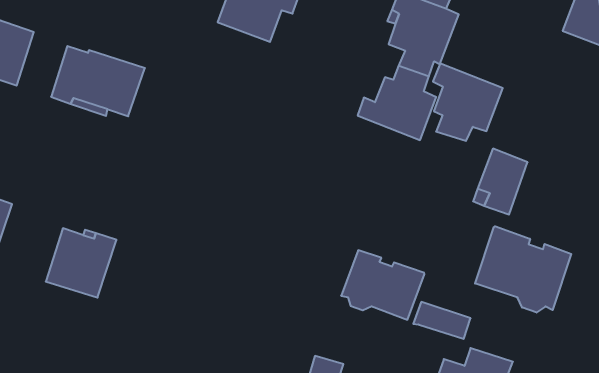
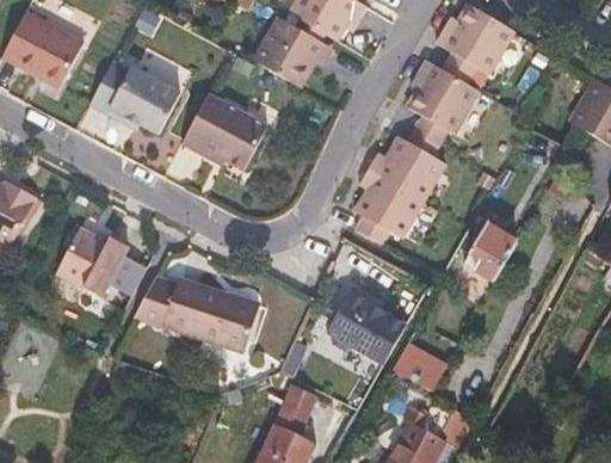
building: [433,64,503,141] -> [354,168,422,243]
building: none -> [181,93,267,169]
building: [475,226,571,313] -> none
building: none -> [135,274,260,352]

